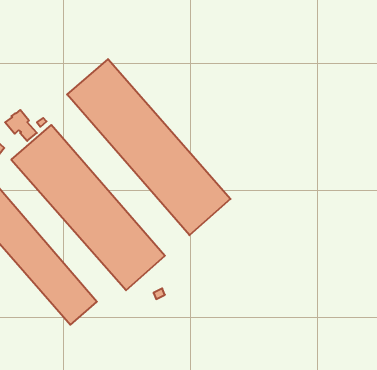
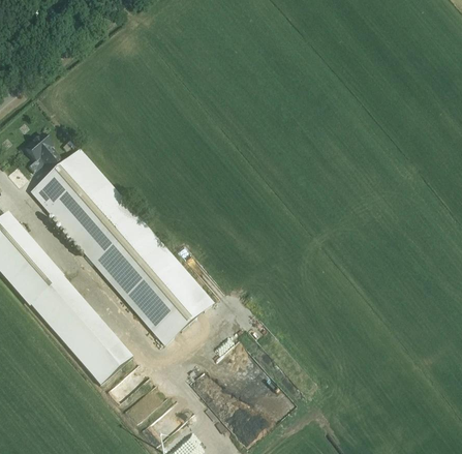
building: [67,59,231,235] -> none

